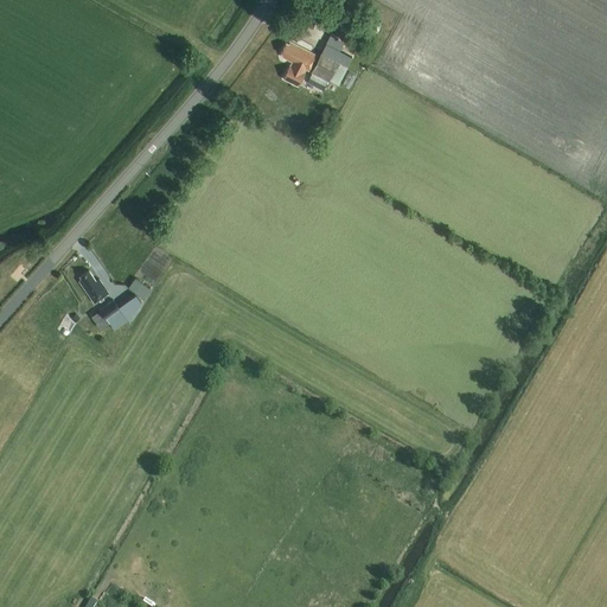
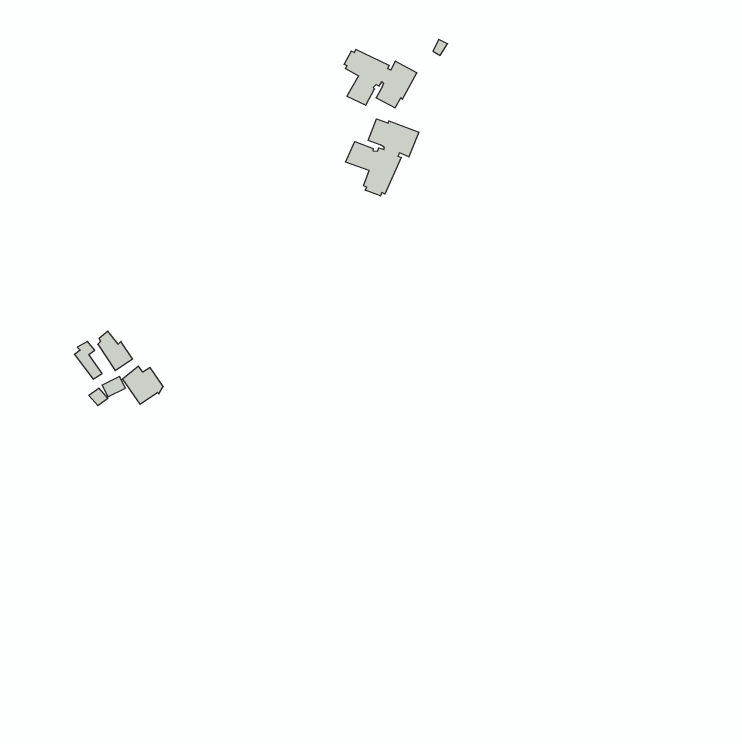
building: none -> [345,119,419,196]

